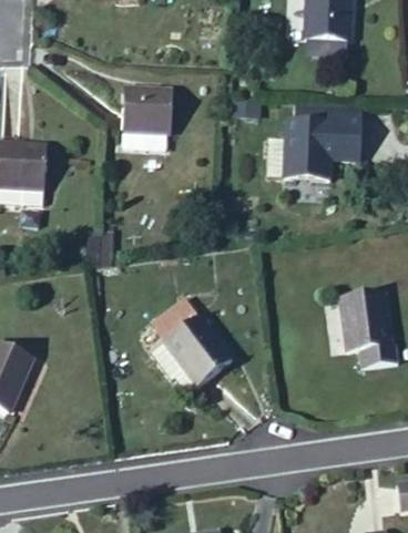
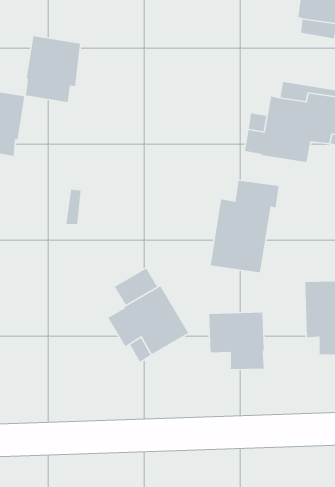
building: [122,88,172,150] -> [25,36,81,103]
building: none -> [210,180,279,273]
building: none -> [208,312,265,370]

